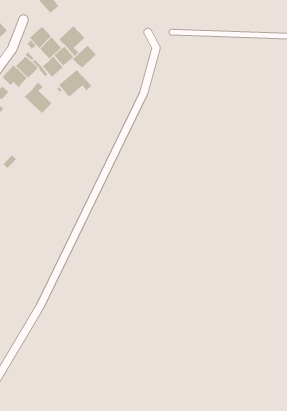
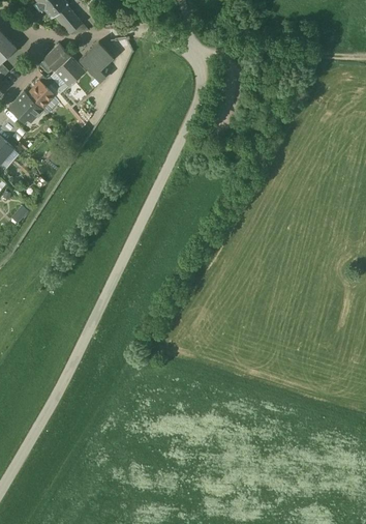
building: [72,45,97,69] -> none
building: [58,69,93,98] -> none
building: [24,81,52,114] -> none

